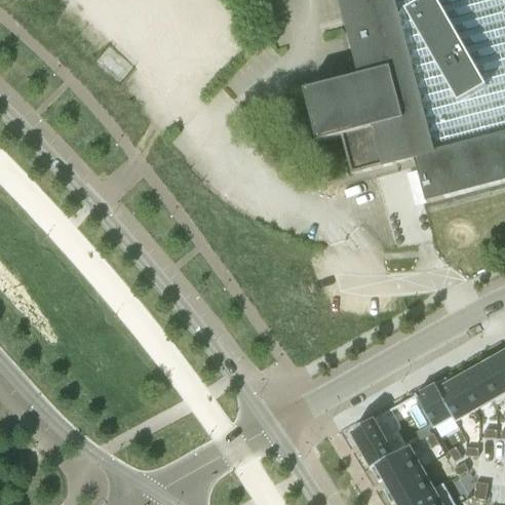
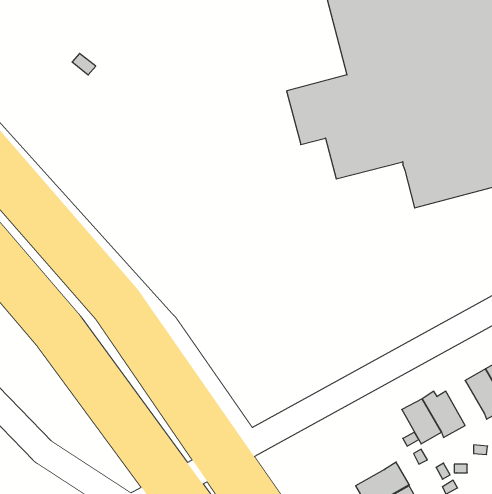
building: [457,365,494,409] -> none
building: [351,414,398,466] -> none

